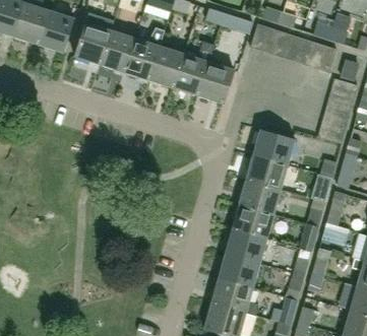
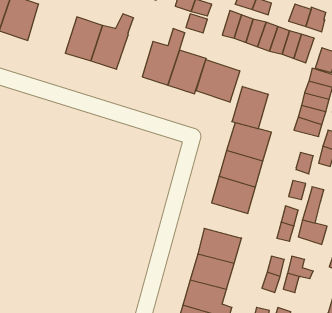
building: [75,21,111,64] -> none
building: [148,45,183,86] -> none
building: none -> [196,60,240,102]
building: none -> [232,86,268,129]
building: [232,206,273,240] -> none

